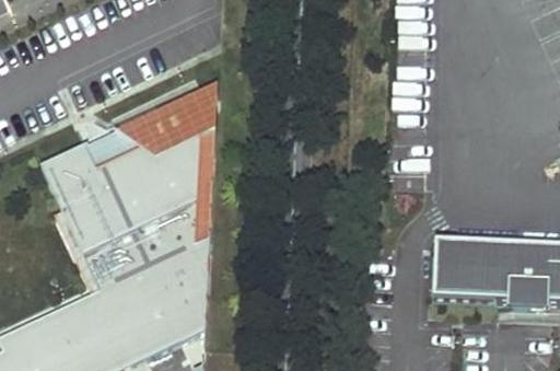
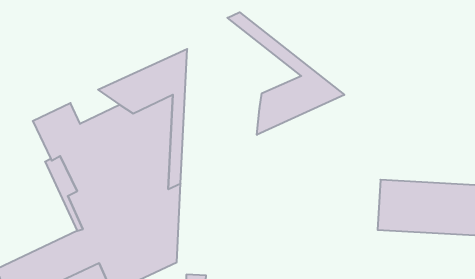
building: none -> [227,12,344,135]
building: [82,129,139,169] -> none

